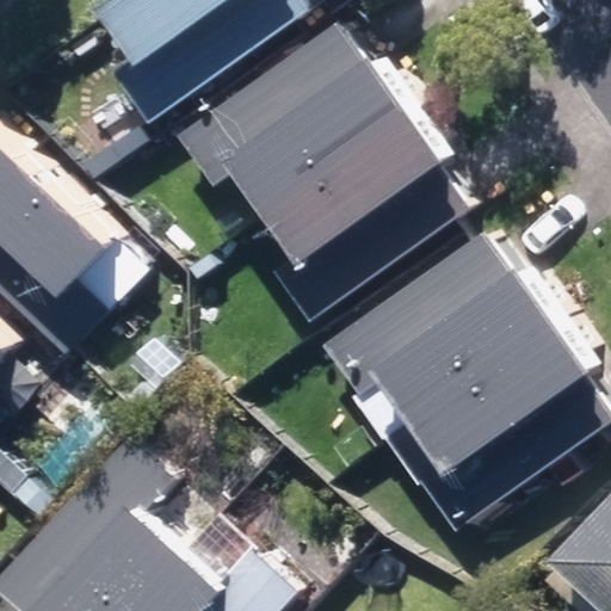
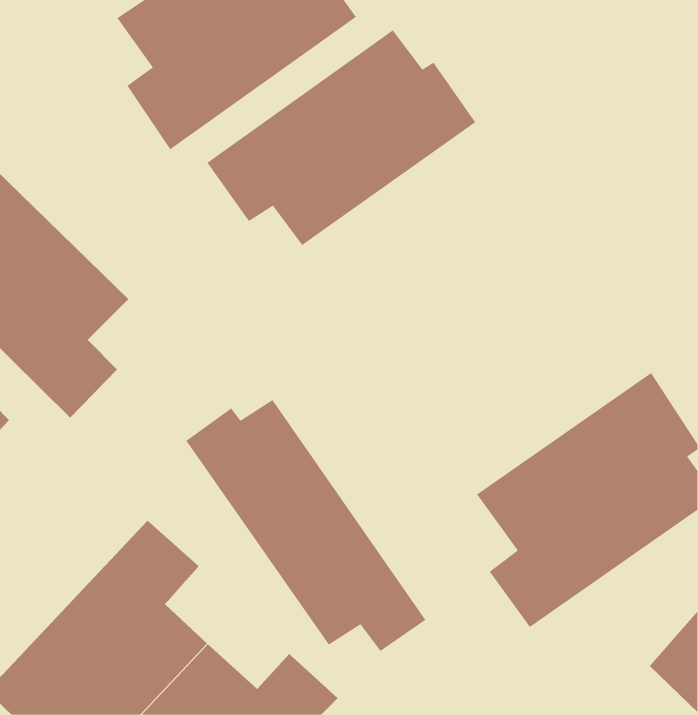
building: [257,104,463,325] -> none
building: [320,234,554,420] -> none
building: none -> [185,399,426,652]

